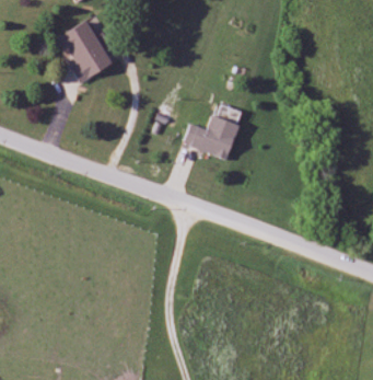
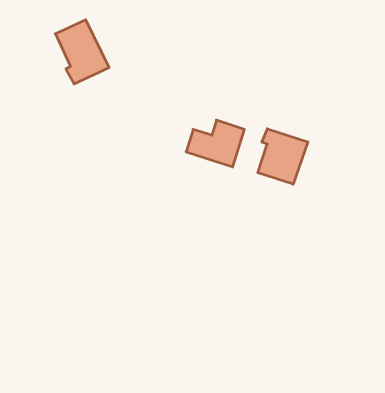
building: none -> [258,129,308,184]

